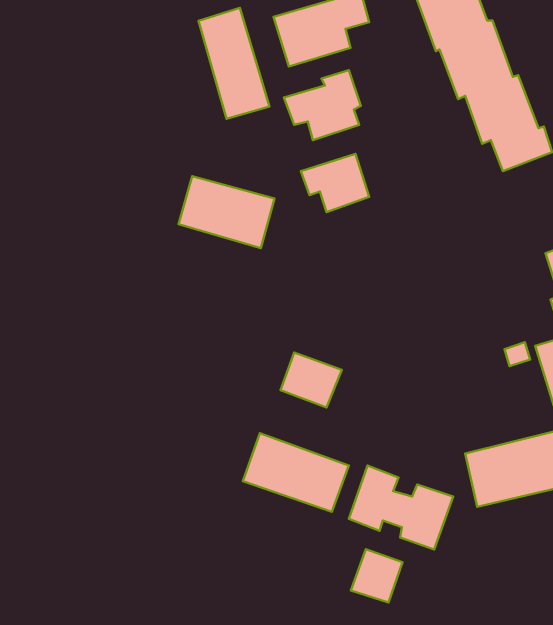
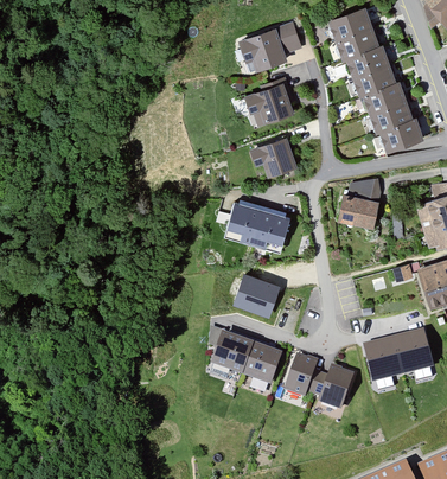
building: [198,8,269,119] -> none
building: [179,176,274,248] -> [224,200,290,250]
building: none -> [332,180,382,231]
building: [351,549,402,602] -> none

